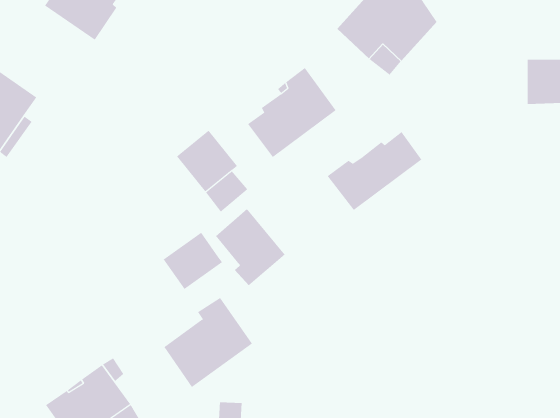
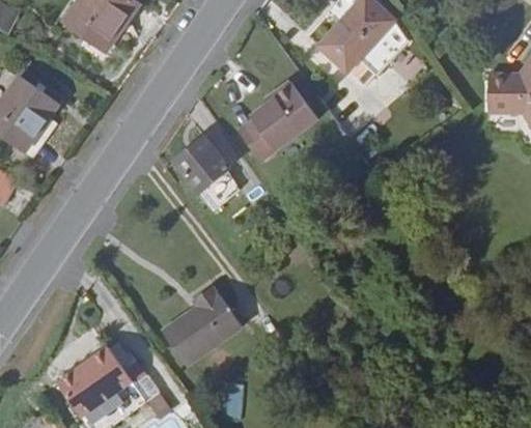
building: [327,131,422,211] -> none
building: [215,208,286,286] -> none
building: [163,232,223,290] -> none

